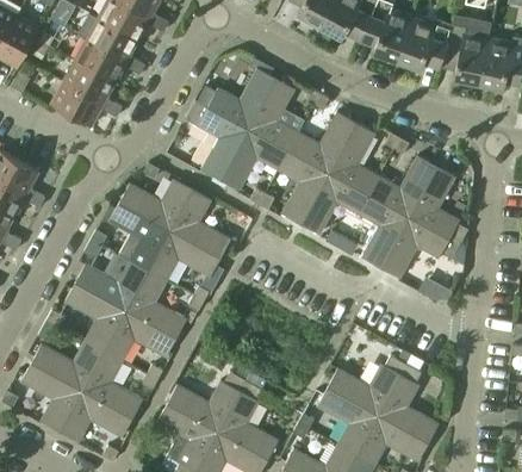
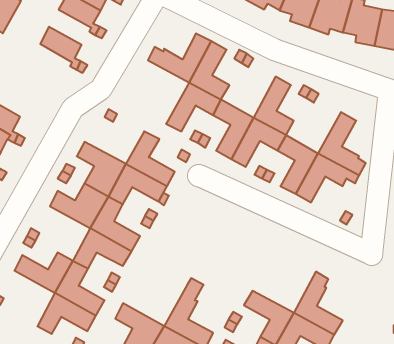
building: [74,38,126,82] -> none
building: [50,81,102,125] -> none
building: [188,101,248,180] -> none
building: [287,112,355,173] -> none
building: [368,155,436,217] -> none
building: [118,179,192,230] -> none
building: [64,282,125,350] -> none
building: [327,355,405,415] -> none
building: [20,362,81,431] -> none
building: [166,372,246,431] -> none

